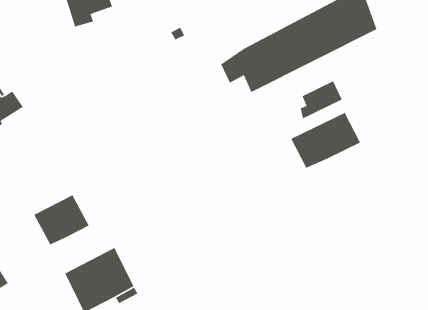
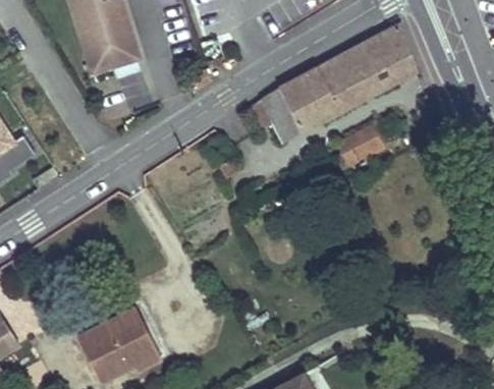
building: [290,112,361,169] -> none
building: [33,194,90,246] -> none

